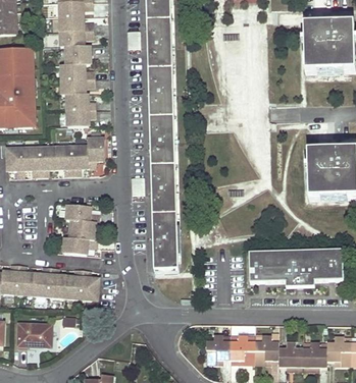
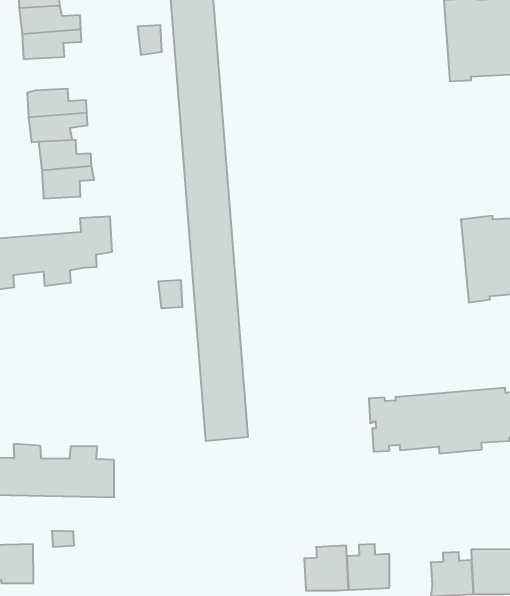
building: [64,45,90,63] -> none
building: [62,204,99,254] -> none
building: [253,334,277,359] -> none

